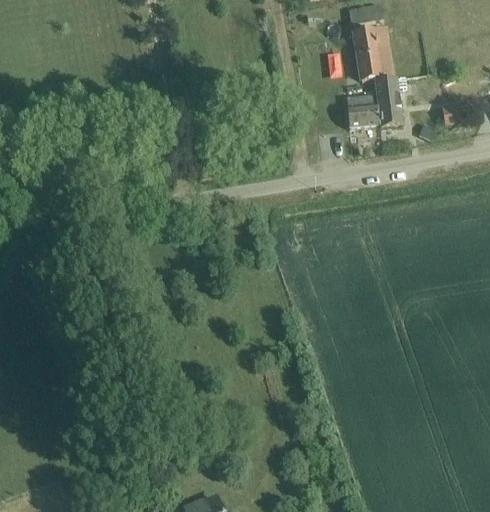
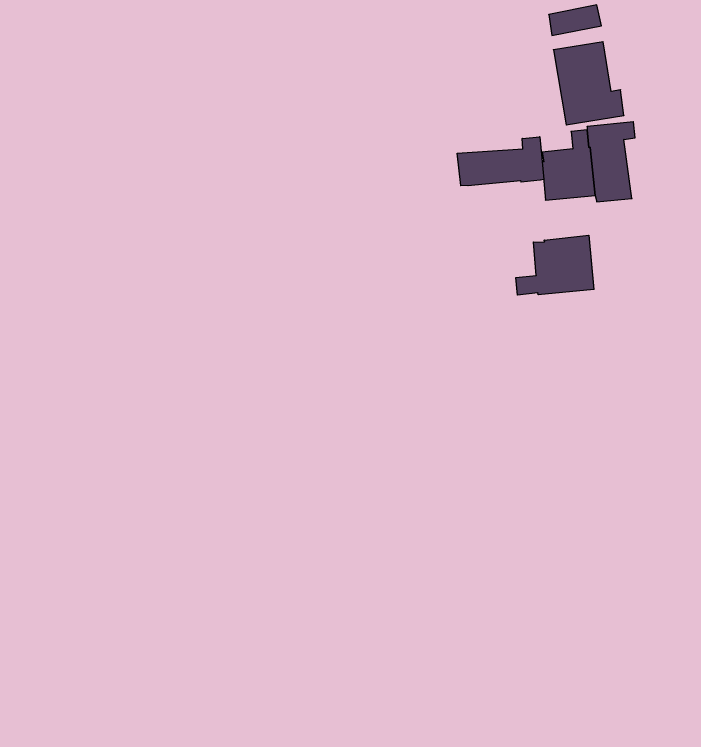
building: none -> [457,137,544,186]
building: none -> [516,235,594,295]

